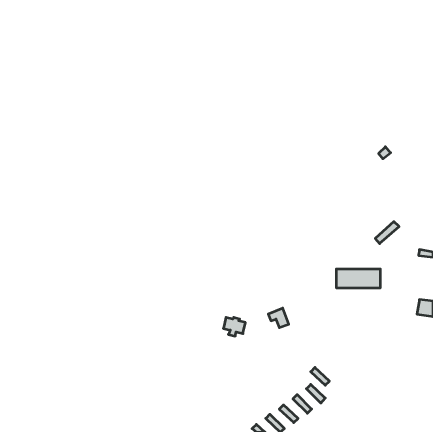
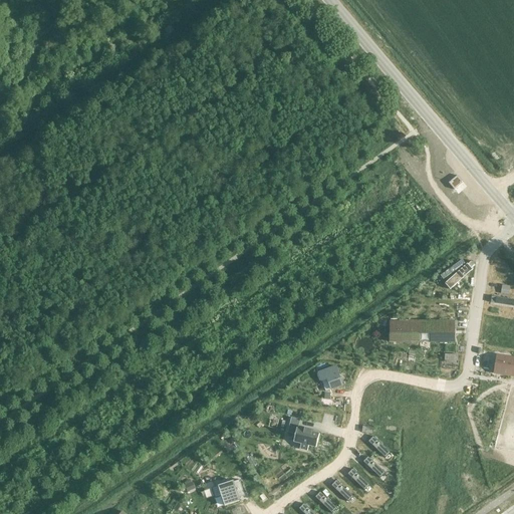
building: [223,317,245,336] -> [292,427,318,449]
building: none -> [217,478,243,504]

